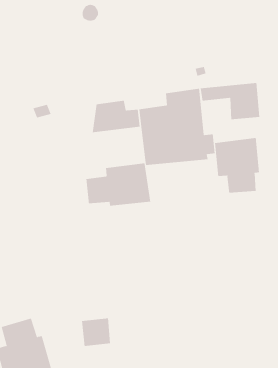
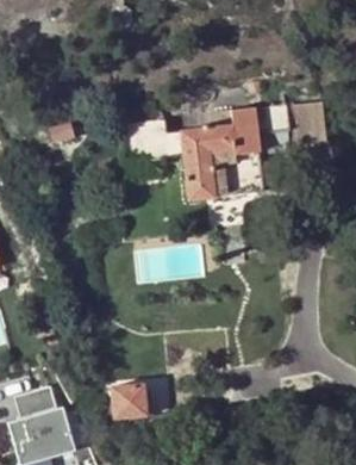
building: [214,137,259,194] -> none
building: [86,163,151,207] -> none

